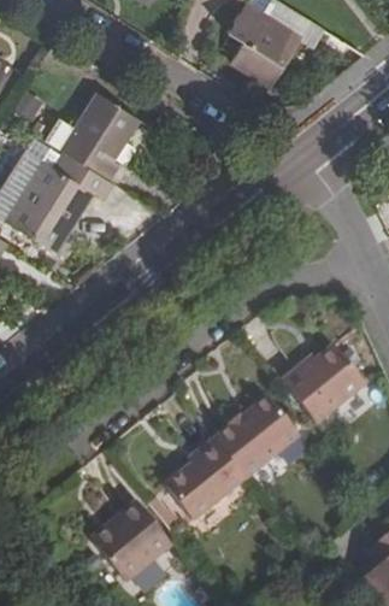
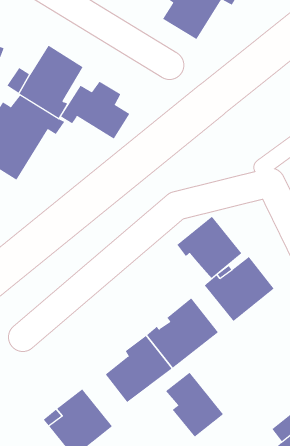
building: none -> [60,81,130,140]
building: none -> [176,216,242,279]
building: none -> [165,372,224,437]

